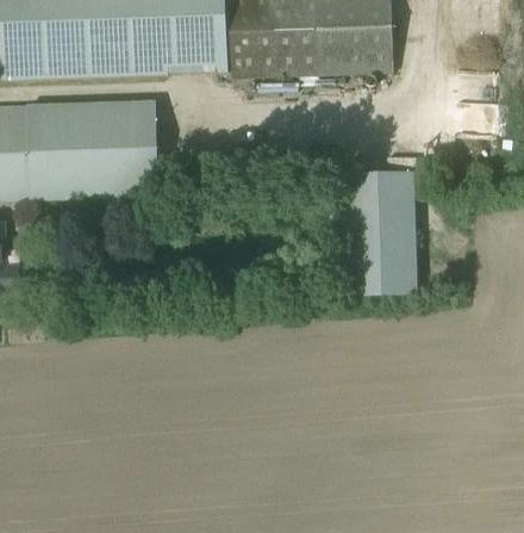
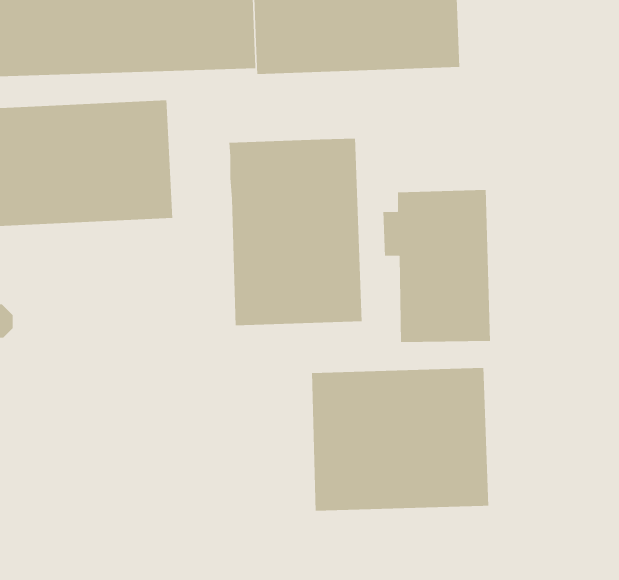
building: none -> [228,138,362,326]
building: none -> [311,367,489,511]

